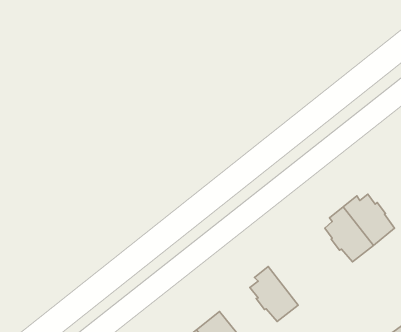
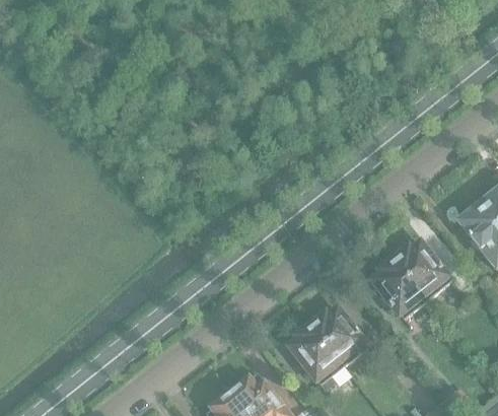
building: none -> [309,306,367,364]

